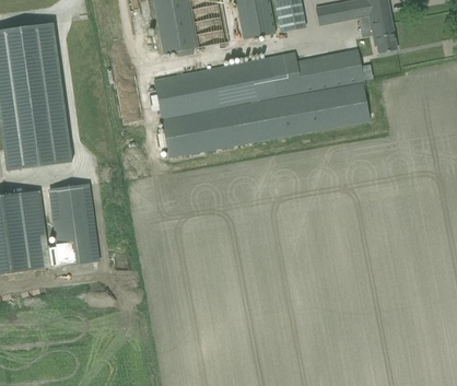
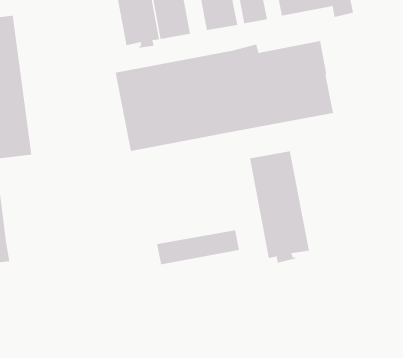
building: [371,21,396,52] -> none
building: none -> [249,151,309,263]
building: [46,183,99,268] -> none
building: none -> [156,230,239,265]

